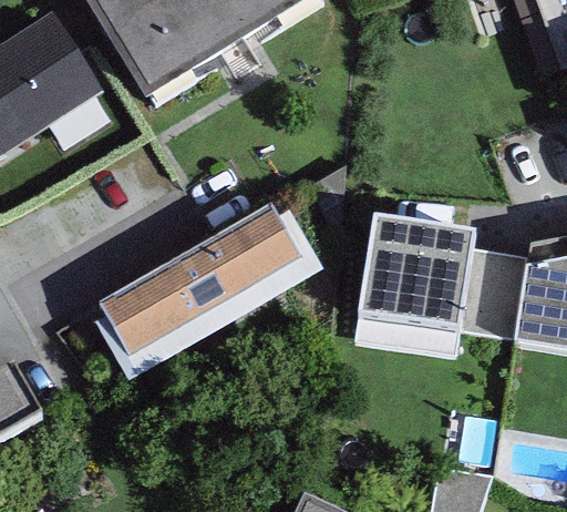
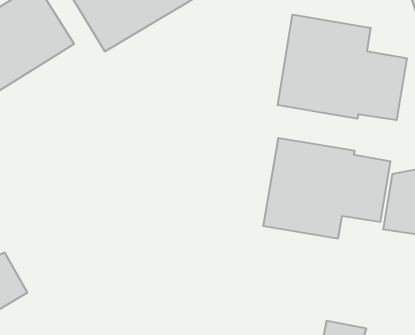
building: none -> [278,15,407,120]
building: [91,201,323,379] -> none

